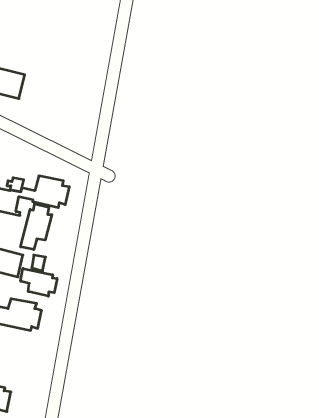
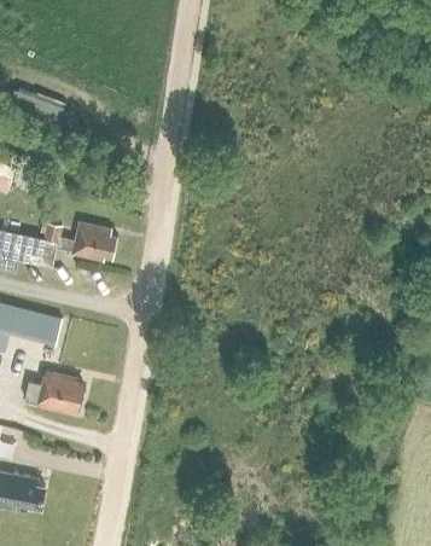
building: [21,204,52,250] -> none
building: [21,268,57,296] -> none

